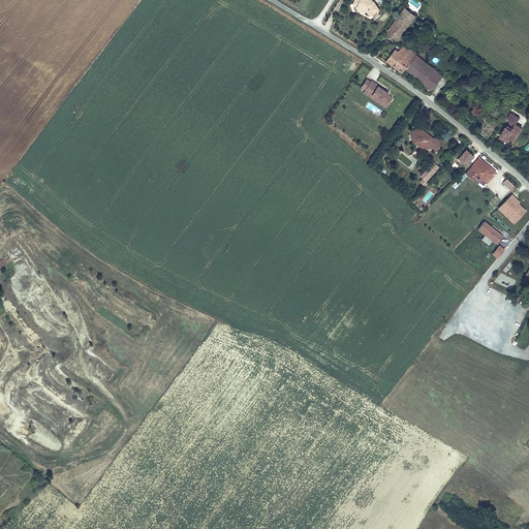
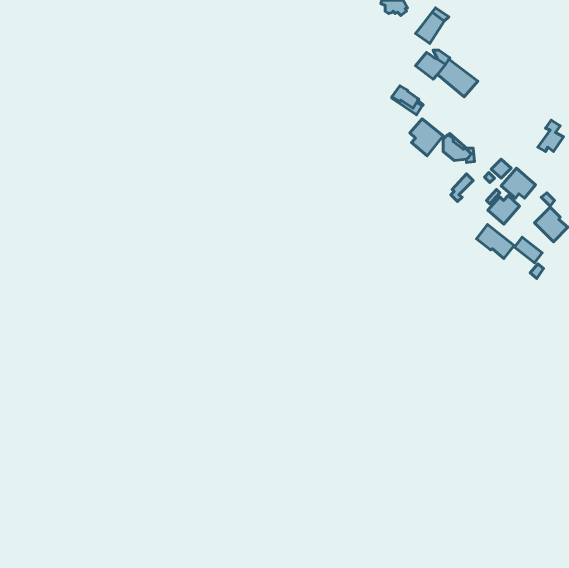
building: none -> [410,119,443,156]
building: none -> [488,195,520,224]
building: none -> [476,225,514,258]

